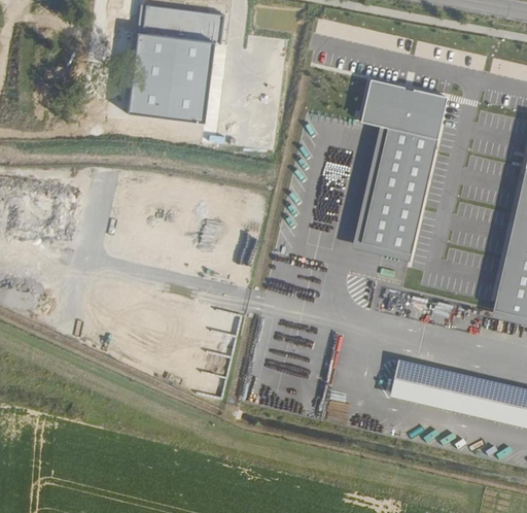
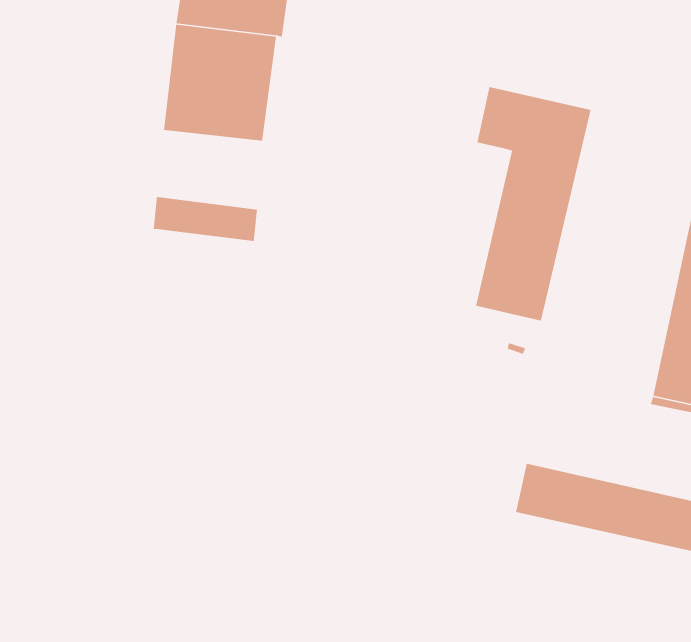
building: [352,126,411,261] -> none
building: none -> [153,196,258,242]

